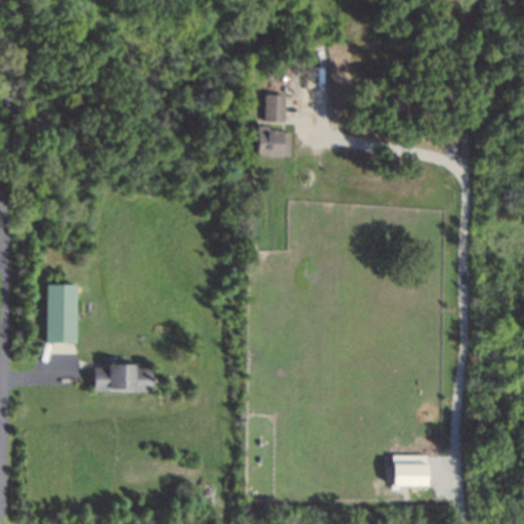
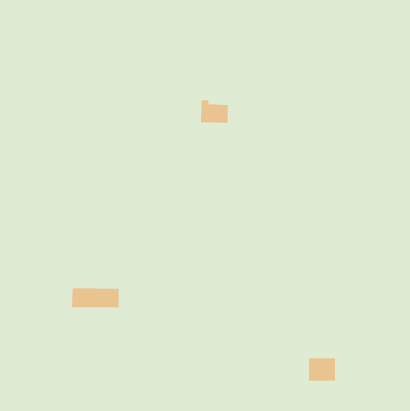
building: [265,95,287,123] -> none
building: [47,283,77,342] -> none

